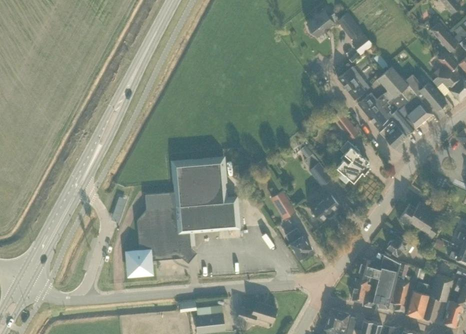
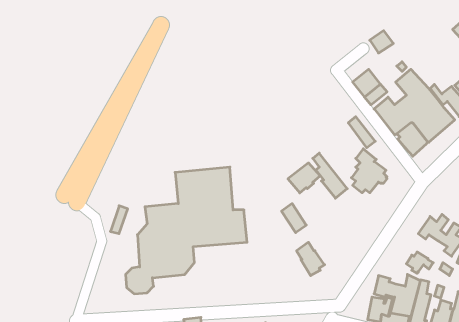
building: [308,11,361,38] -> none
building: [311,193,341,221] -> [288,163,320,193]

